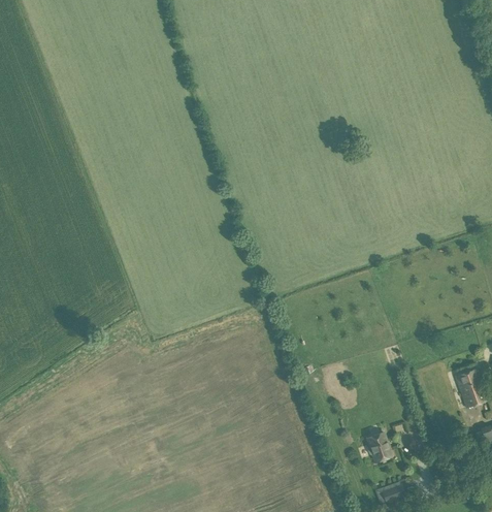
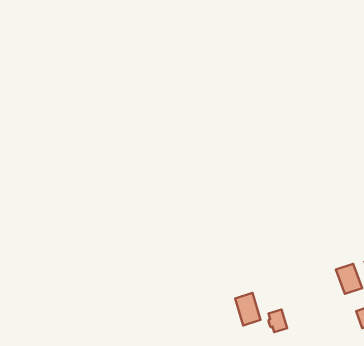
building: none -> [235,293,261,326]

